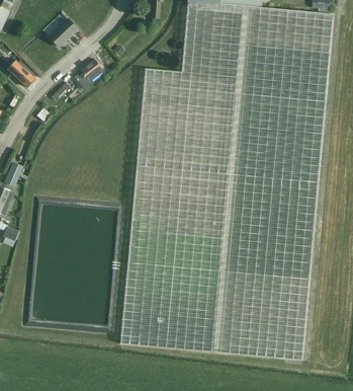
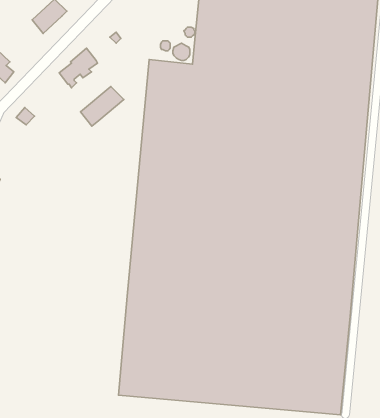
building: none -> [81,87,124,126]

